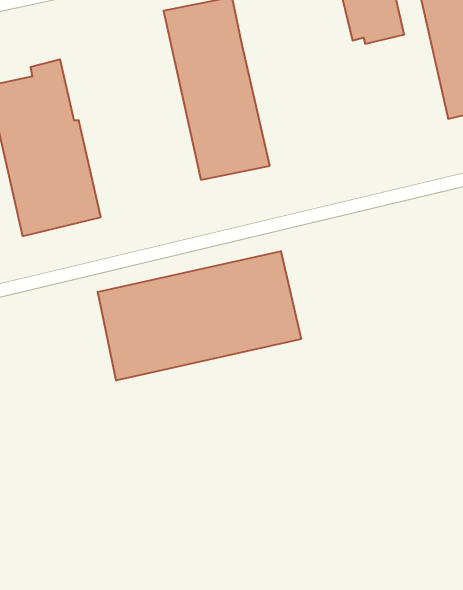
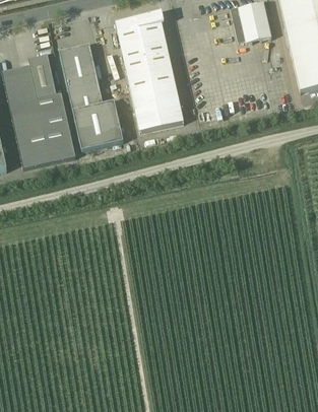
building: none -> [59,43,123,149]
building: [98,251,301,381] -> none

